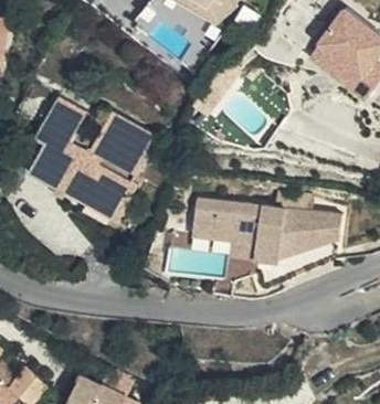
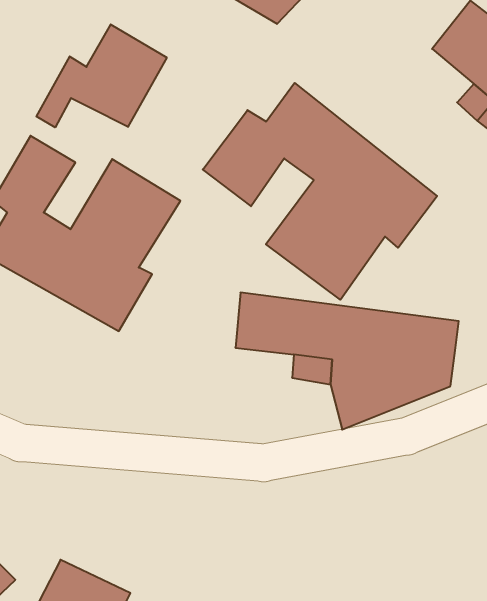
building: none -> [36,24,167,127]
building: none -> [203,83,437,300]

